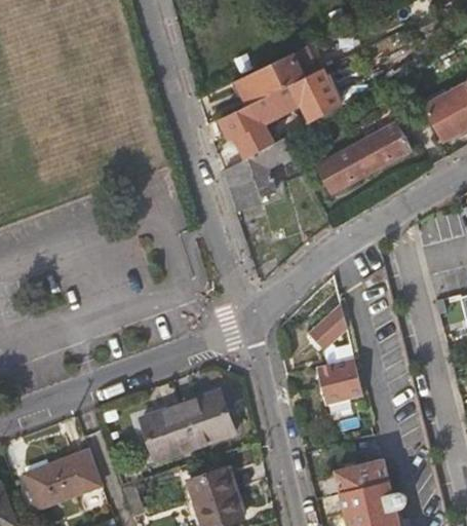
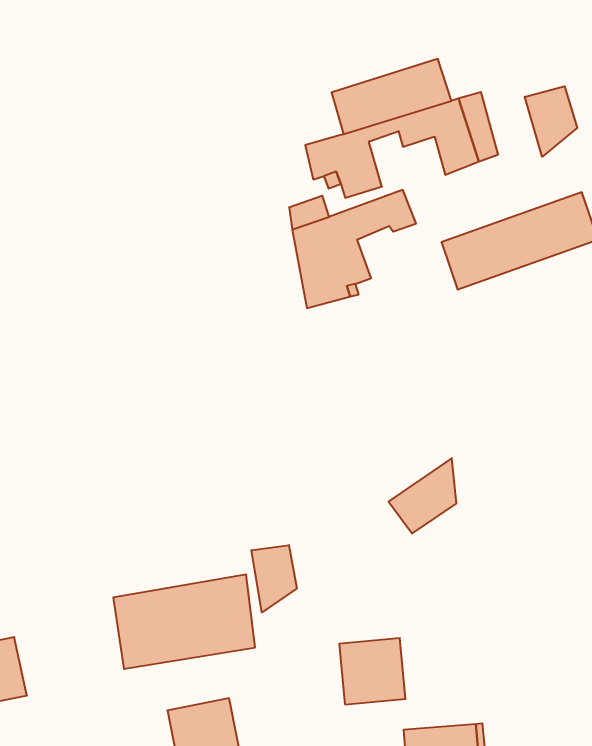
building: none -> [525,86,577,157]
building: [318,359,364,405] -> [339,638,406,704]
building: none -> [252,545,297,612]

